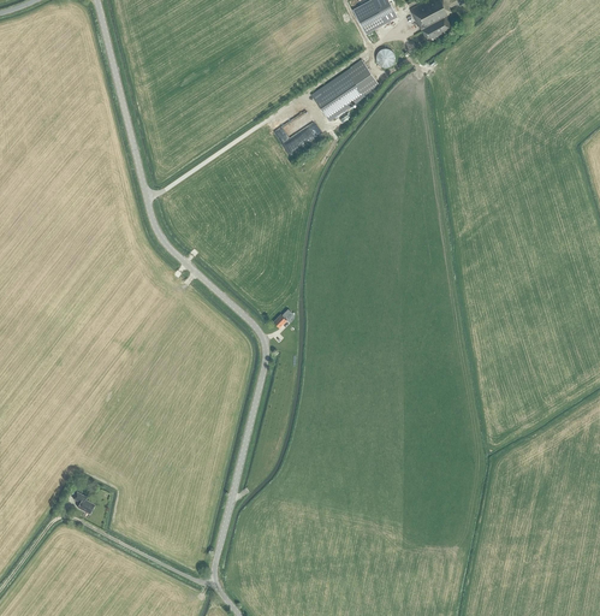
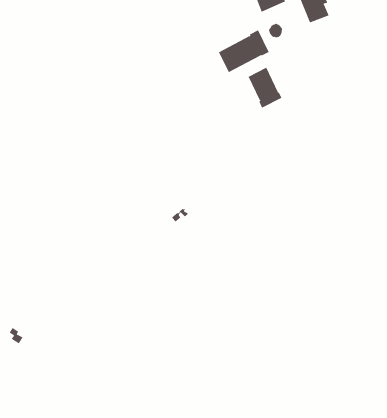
building: none -> [248,67,282,109]
building: [275,109,315,147] -> none

